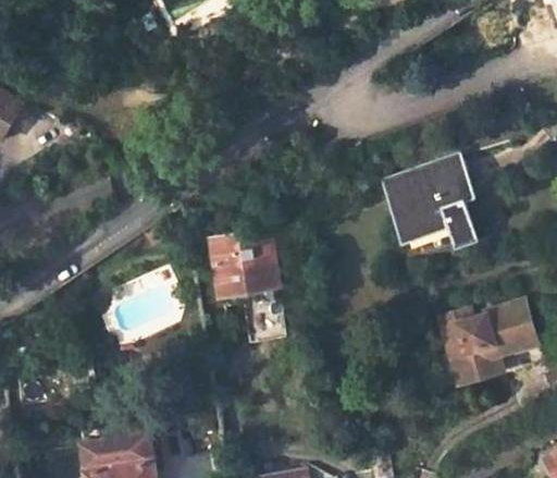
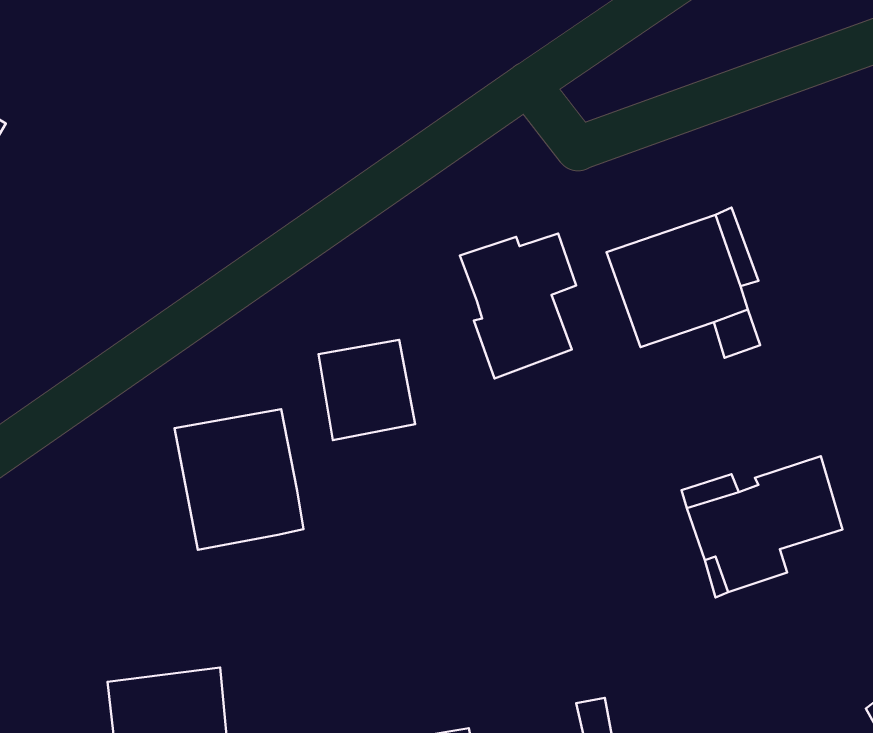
building: none -> [460,233,576,379]
building: none -> [175,409,304,550]

